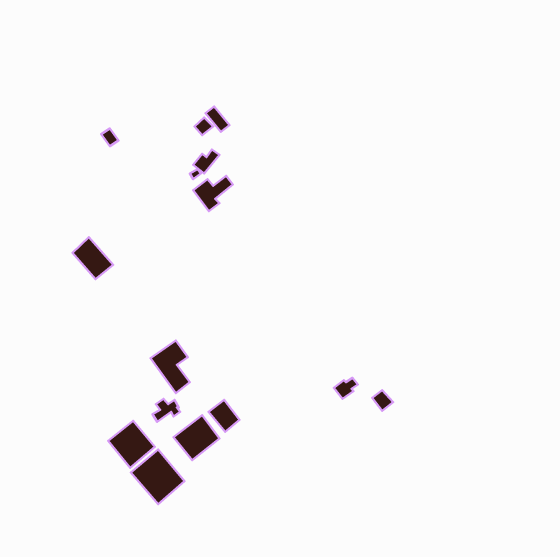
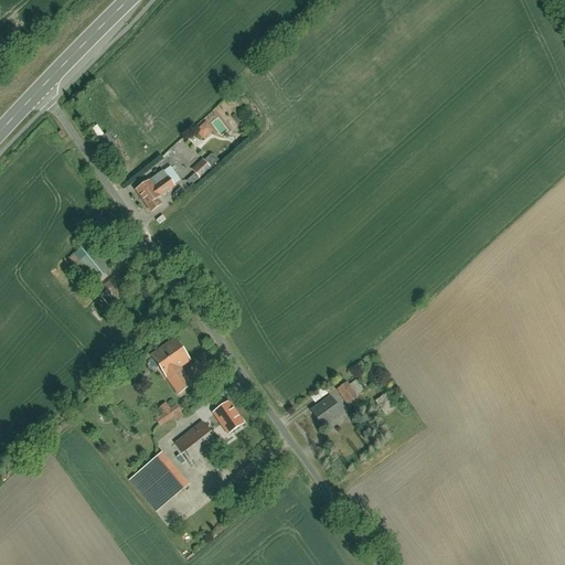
building: [193,176,233,211] -> [137,173,177,209]
building: none -> [310,394,342,425]
building: [108,421,155,468] -> none

